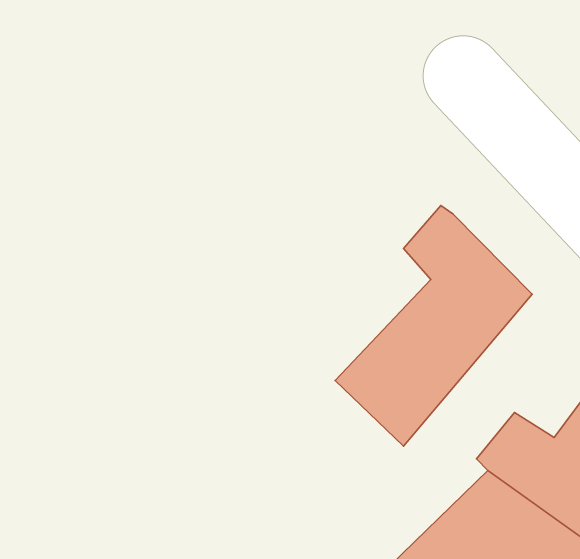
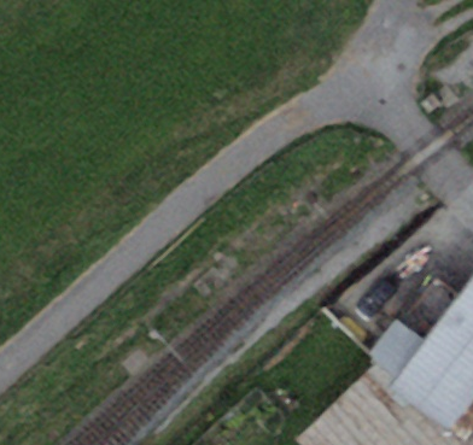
building: [335,205,532,446] -> none

